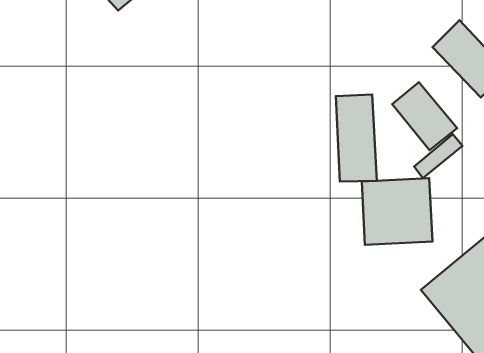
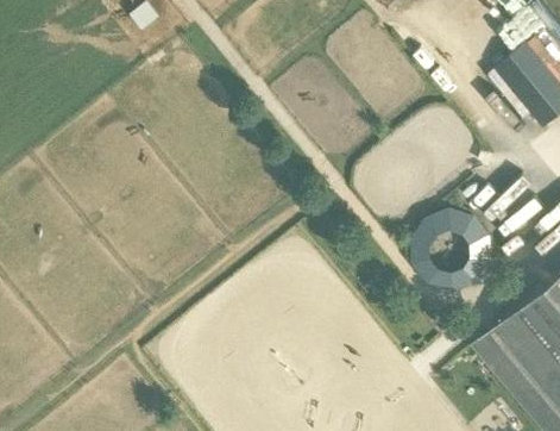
building: [392,82,457,150] -> none
building: [336,95,377,181] -> none

